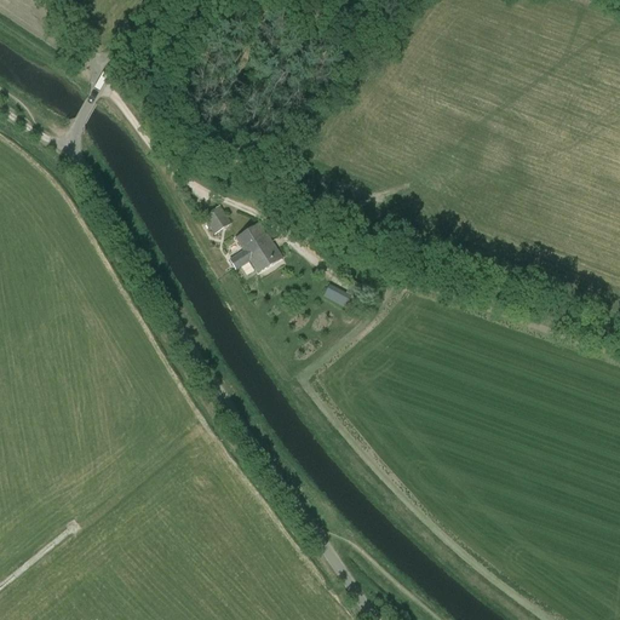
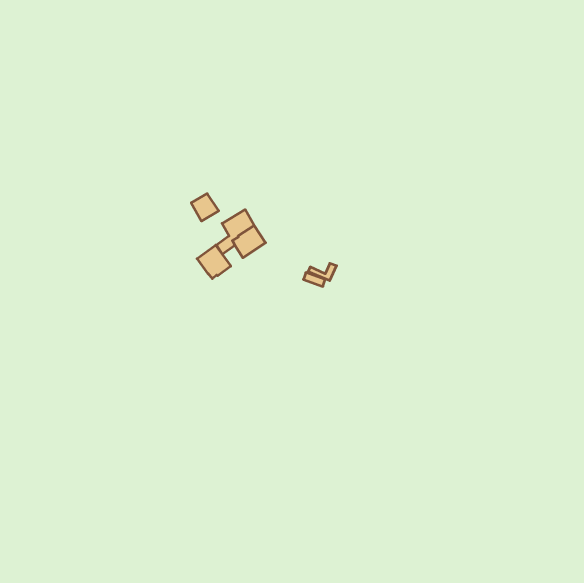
building: none -> [197,245,231,279]

